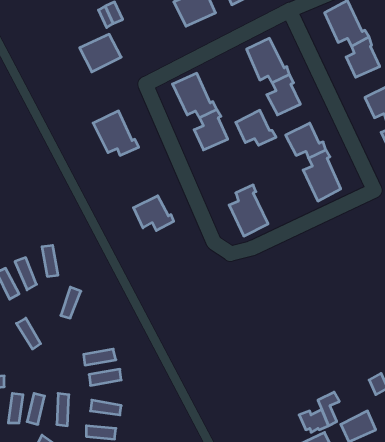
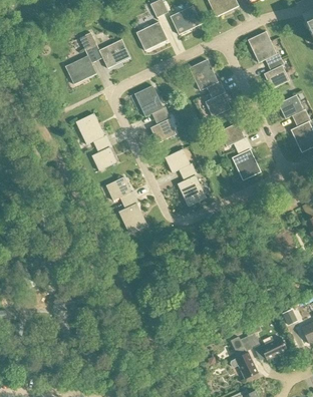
building: none -> [99,39,130,68]
building: [236,110,276,145] -> [165,148,195,174]
building: none -> [91,140,117,170]
building: none -> [118,195,147,235]

